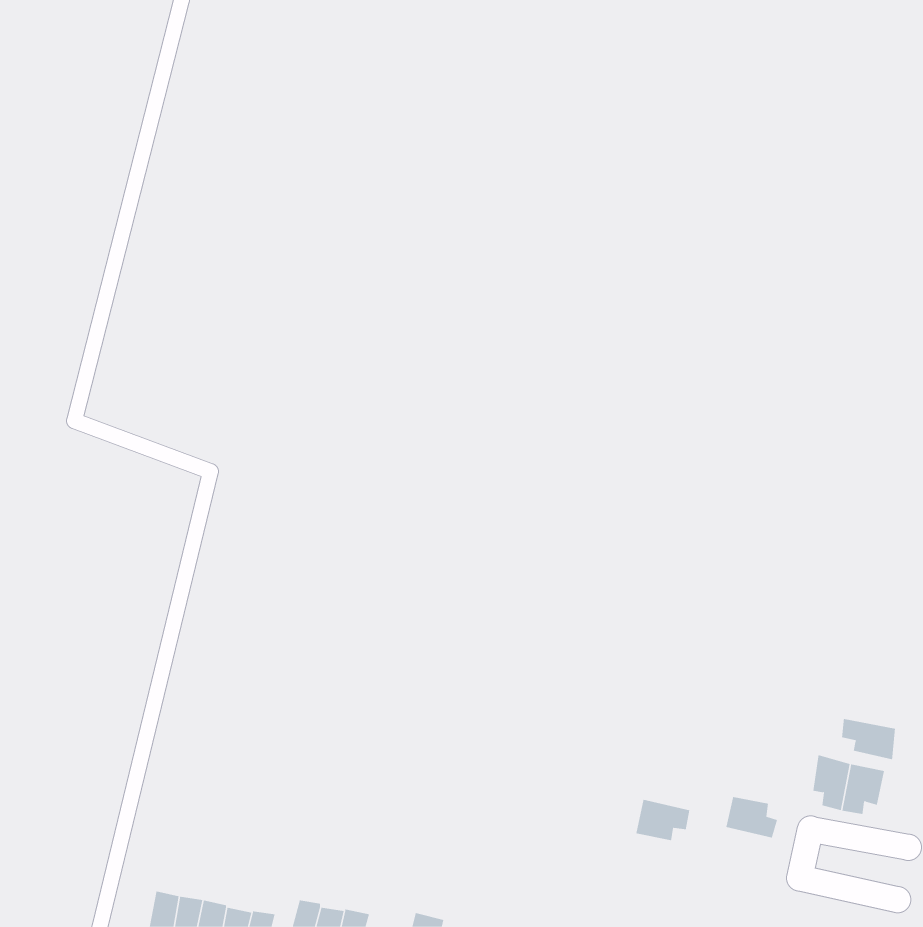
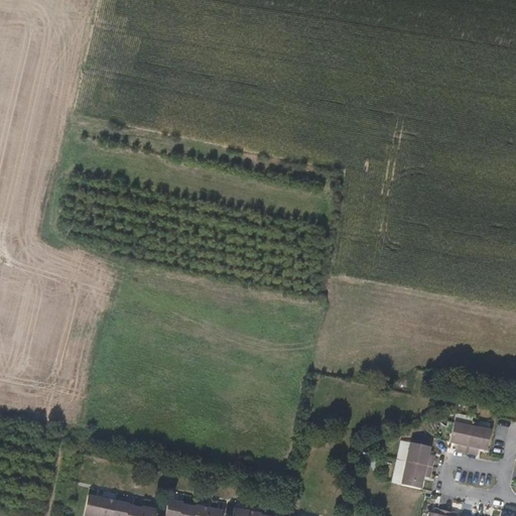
building: [842,718,896,760] -> none
building: [636,799,690,841] -> [401,460,431,483]

